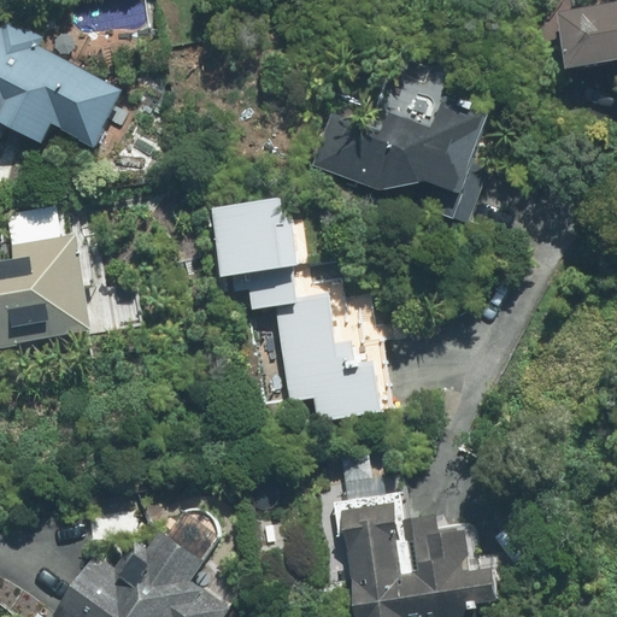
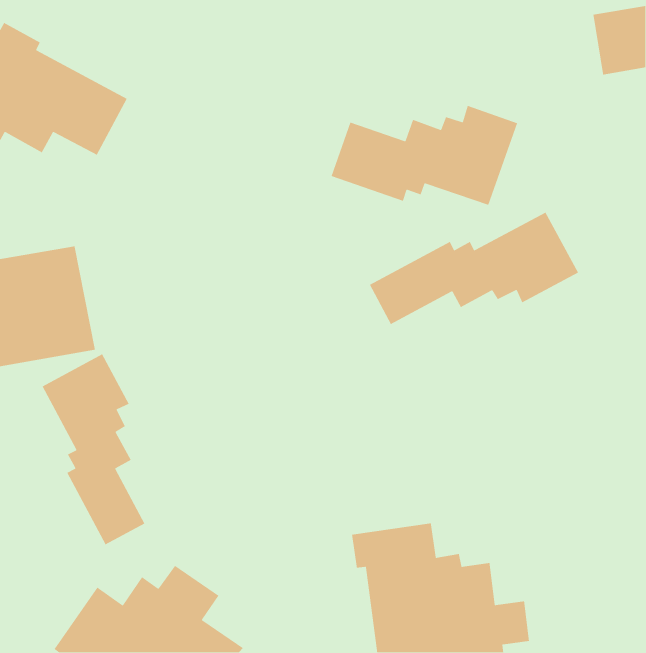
building: none -> [369,212,579,325]
building: [218,204,383,423] -> none
building: none -> [42,353,145,545]

